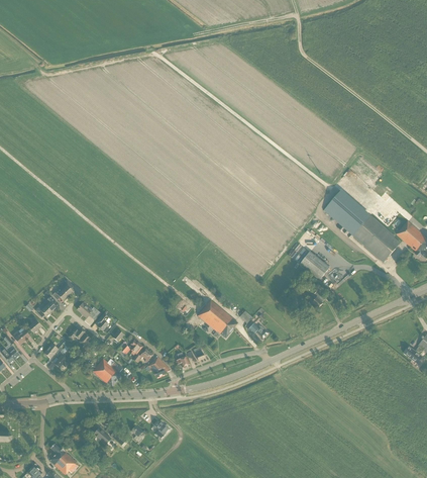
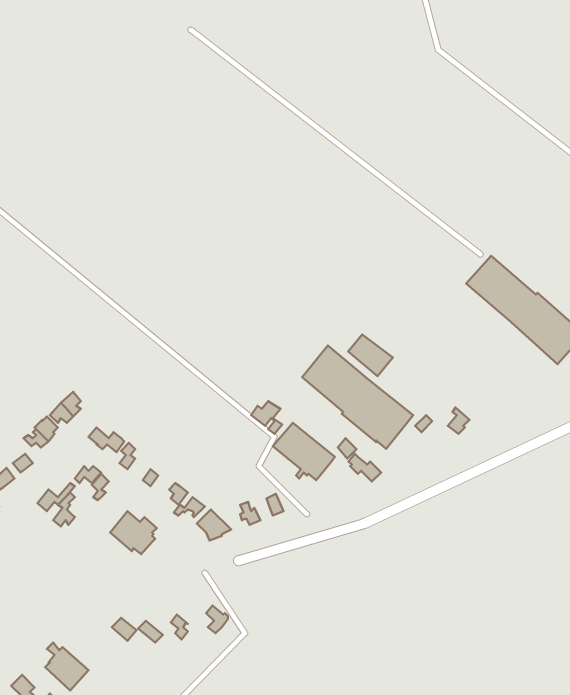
building: none -> [302,345,413,449]
building: [300,251,329,278] -> [348,334,393,376]

